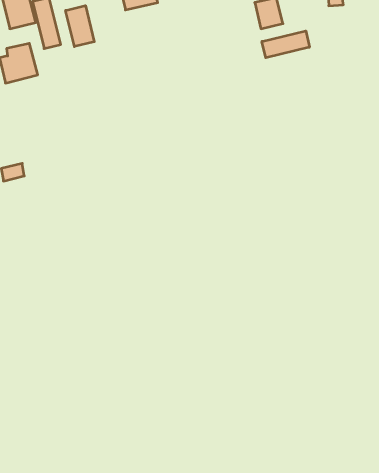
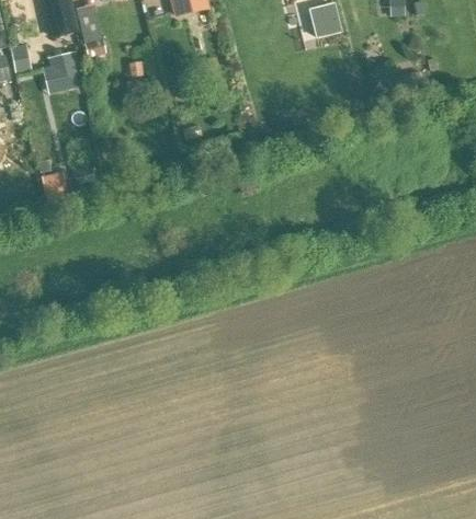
building: [66,6,94,47] -> none
building: [262,31,309,58] -> none

